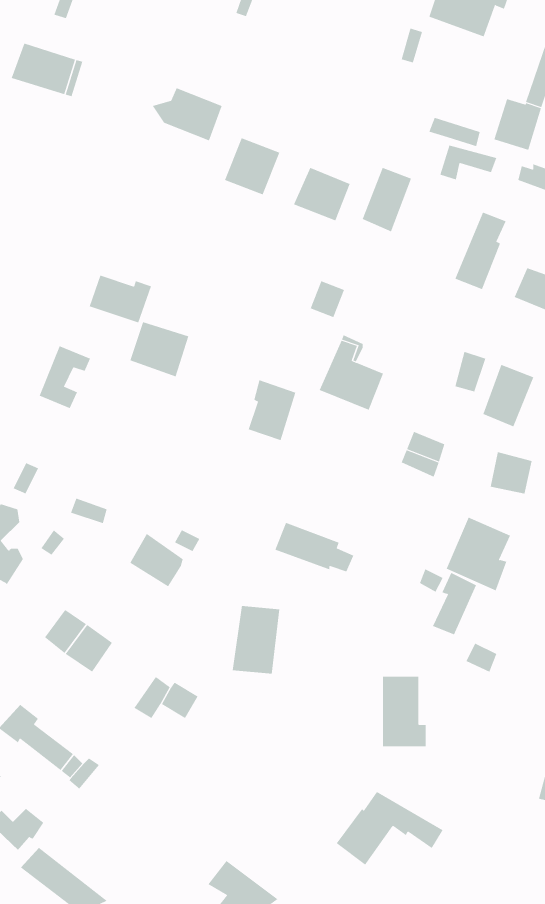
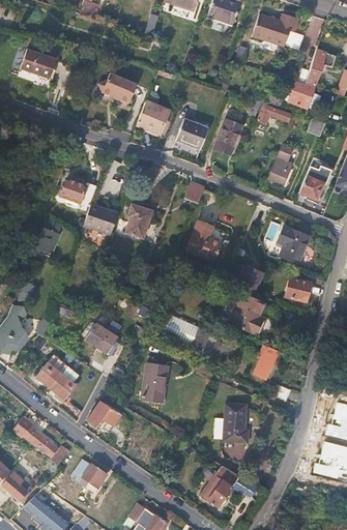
building: [248,379,296,441] -> [125,204,152,238]
building: [446,517,511,591] -> [230,292,266,333]
building: none -> [71,459,108,489]

